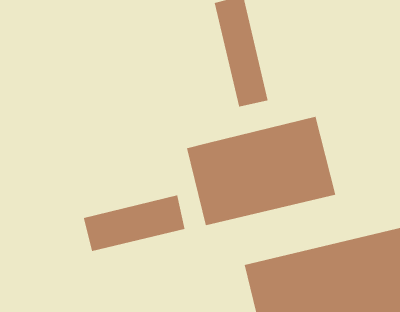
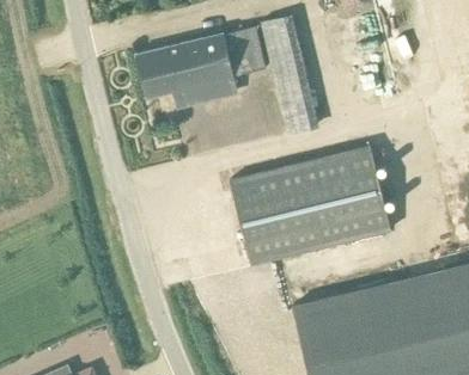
building: none -> [136,26,264,106]
building: [83,195,185,252] -> none

